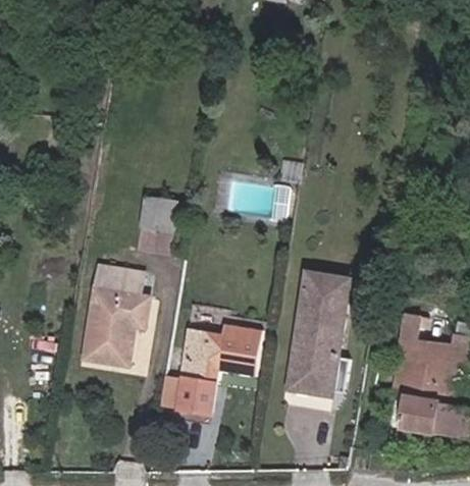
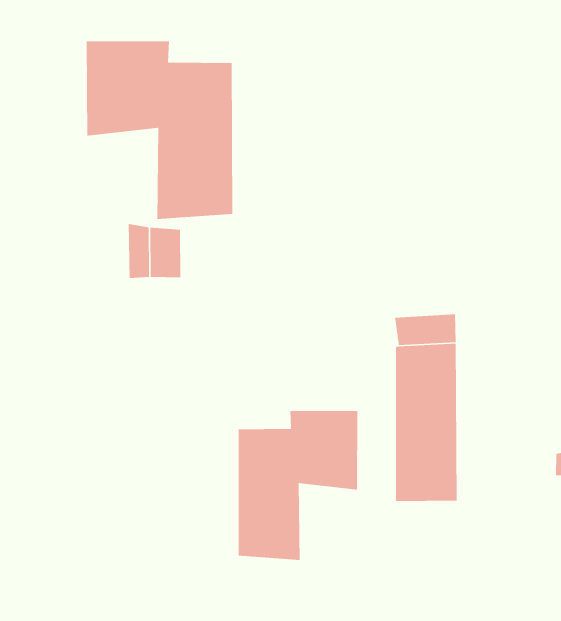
building: none -> [86,40,233,220]
building: [86,266,157,373] -> none

